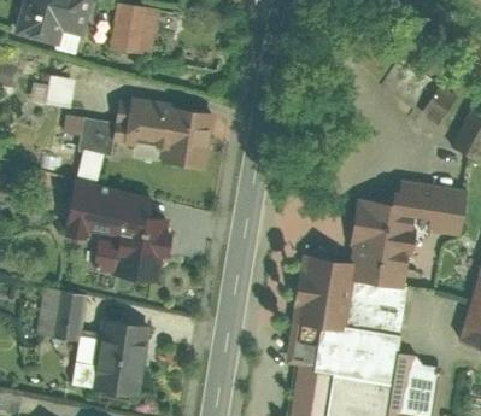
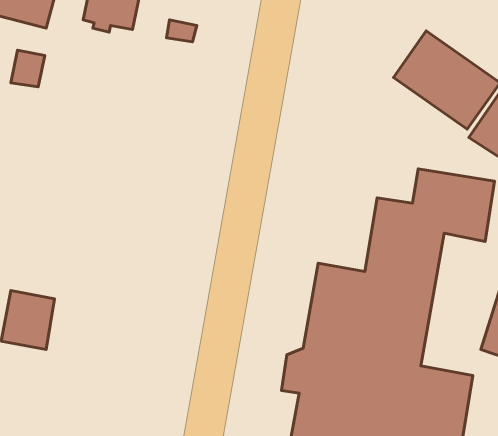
building: [63,93,215,181] -> none
building: [61,182,171,281] -> none
building: [71,317,149,396] -> none

